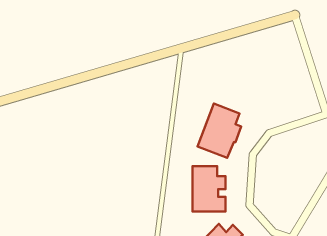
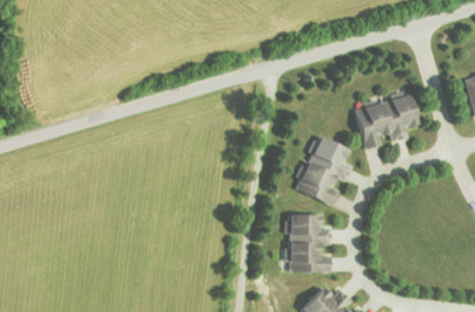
building: none -> [354,96,415,149]

